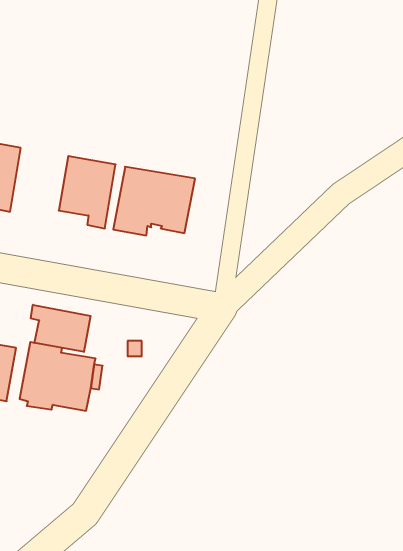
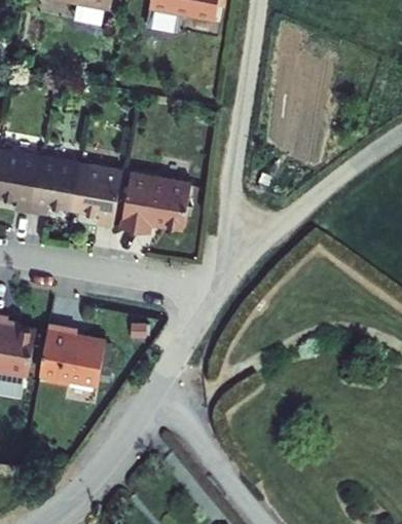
building: none -> [30,156,80,215]
building: [31,305,91,352] -> none

